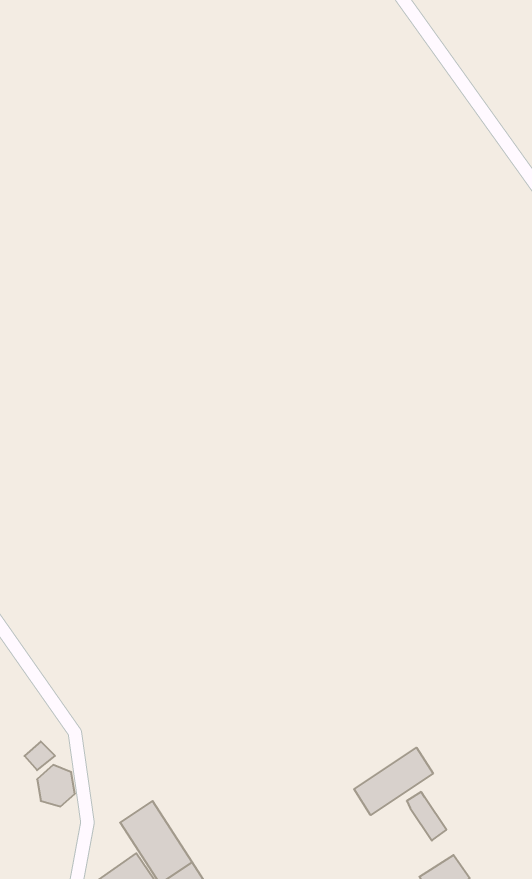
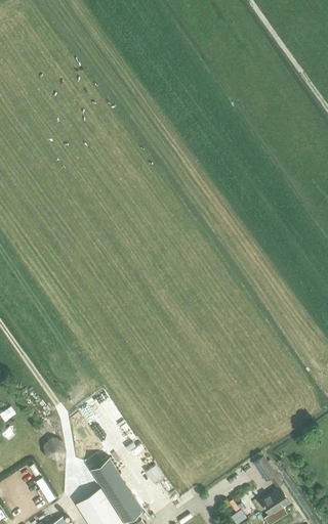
building: [354,748,433,815] -> none

